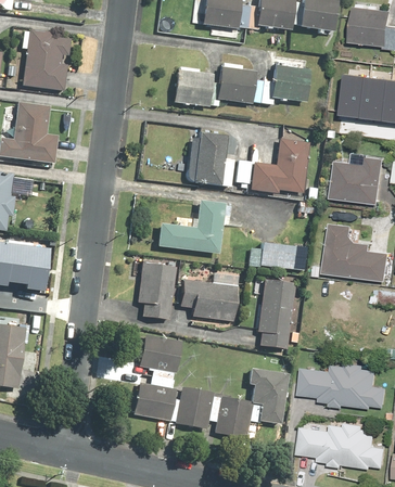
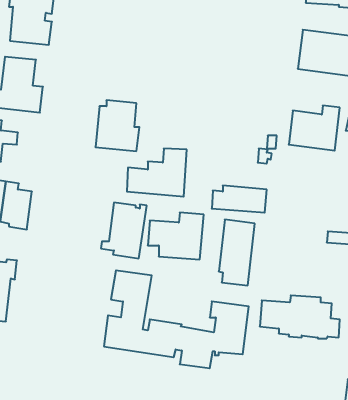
building: [169,61,307,107] -> none
building: [182,131,230,187] -> [95,100,139,151]
building: [232,138,309,194] -> none
building: [311,223,388,281] -> none
building: [295,422,385,470] -> none

